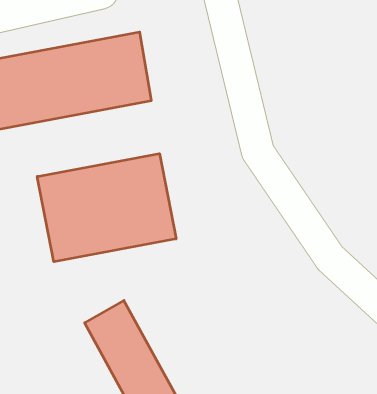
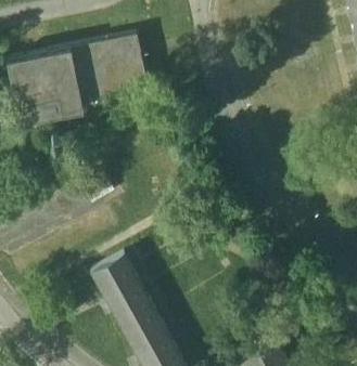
building: [37,154,176,262] -> none

